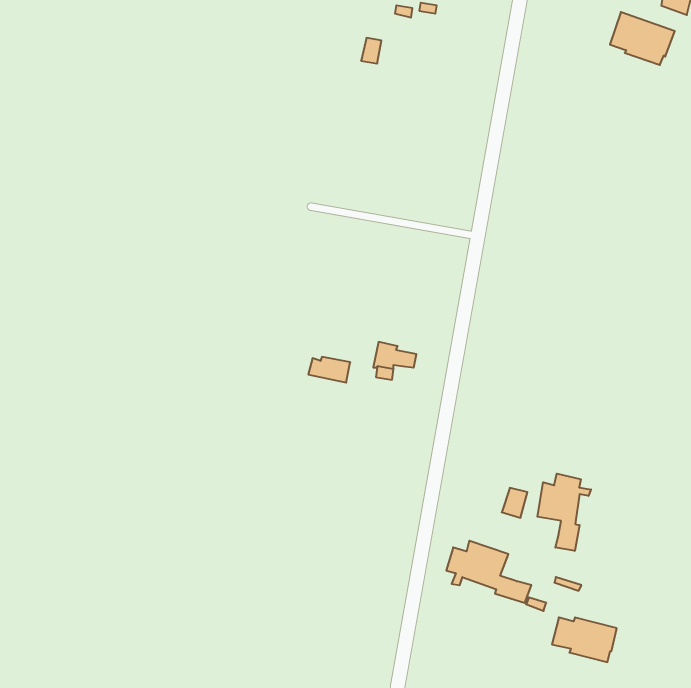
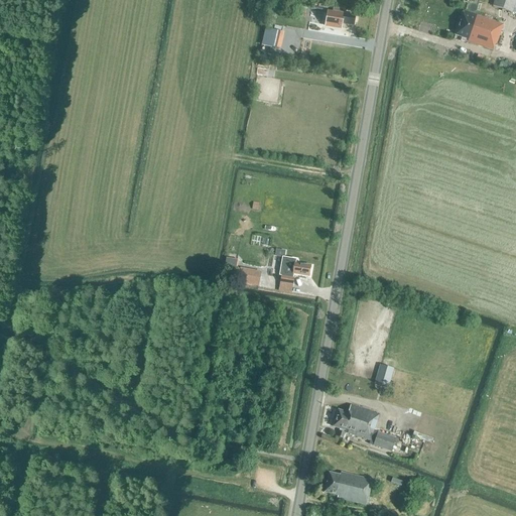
building: none -> [325,9,354,27]
building: [537,474,591,551] -> none
building: [552,617,617,662] -> [324,471,372,504]

